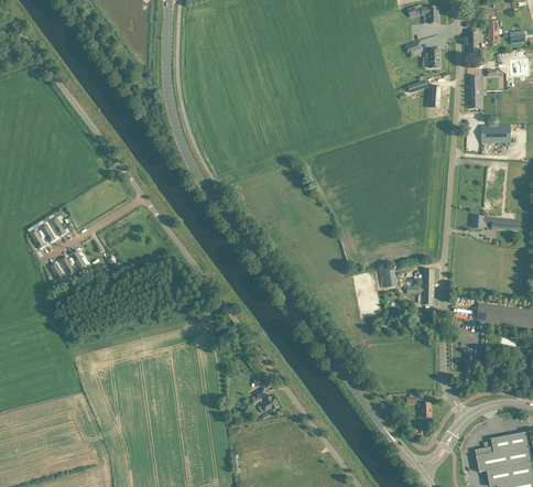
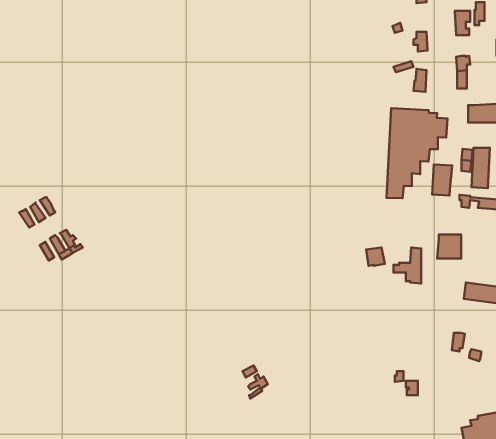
building: none -> [386,108,447,198]
building: none -> [432,164,452,195]
building: none -> [437,235,461,258]

